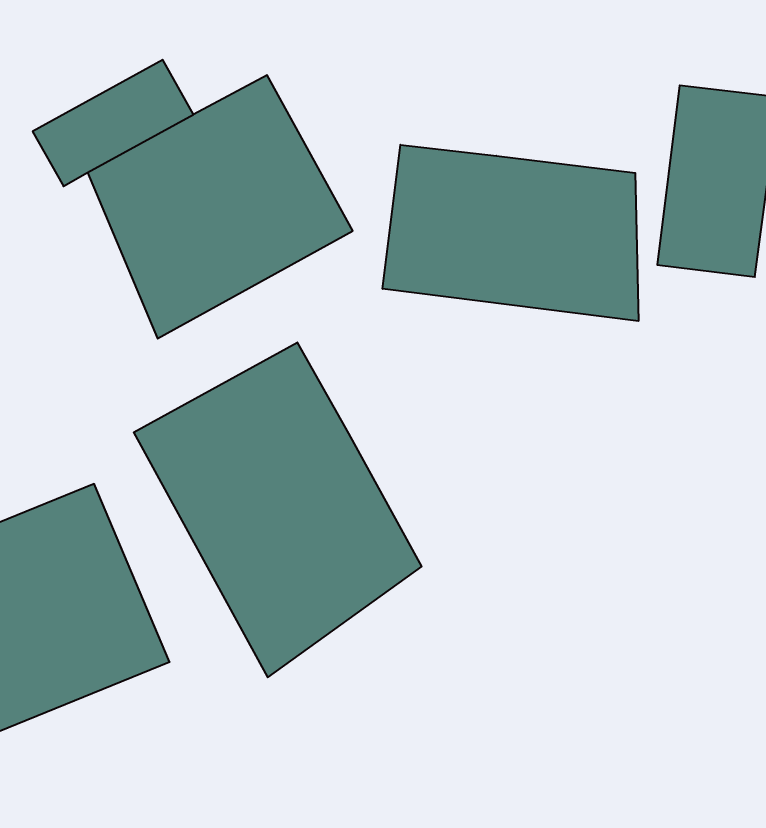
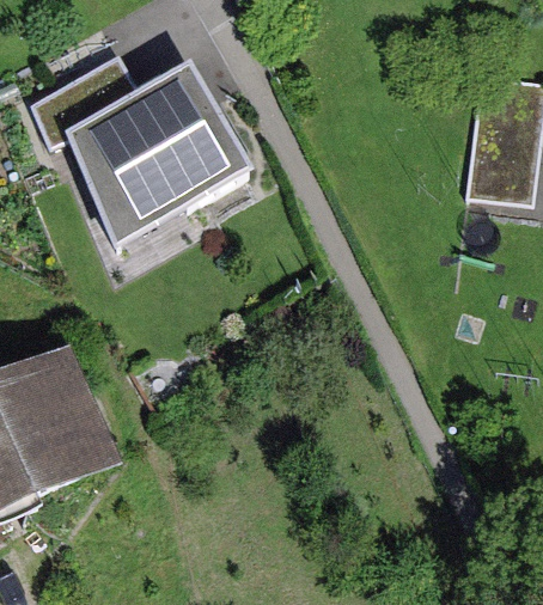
building: [383,145,638,321] -> none
building: [134,342,422,677] -> none

